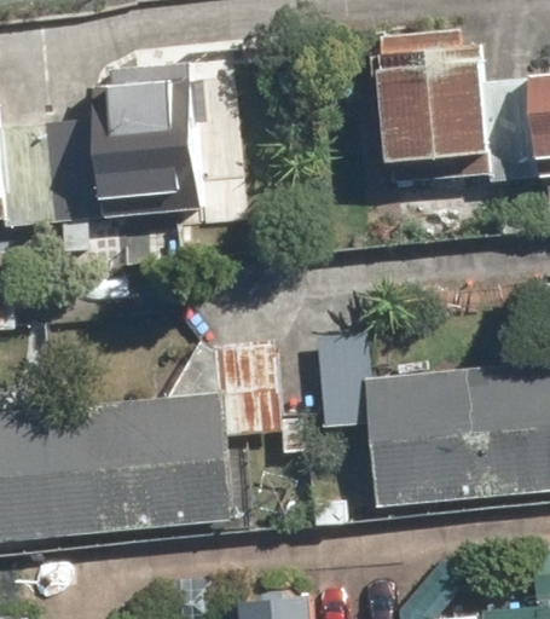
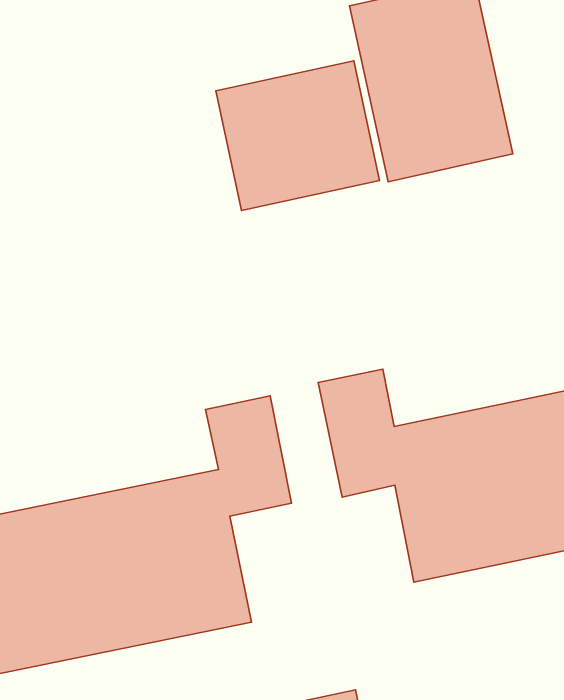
building: [93,65,203,212] -> none
building: none -> [216,61,379,211]

